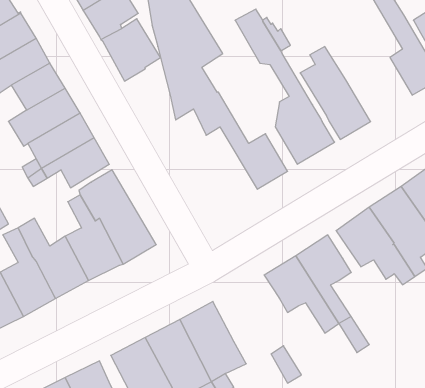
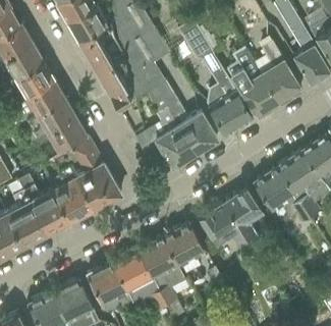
building: none -> [261,41,301,103]
building: none -> [98,56,132,110]
building: none -> [142,107,196,175]
building: none -> [163,222,205,265]

